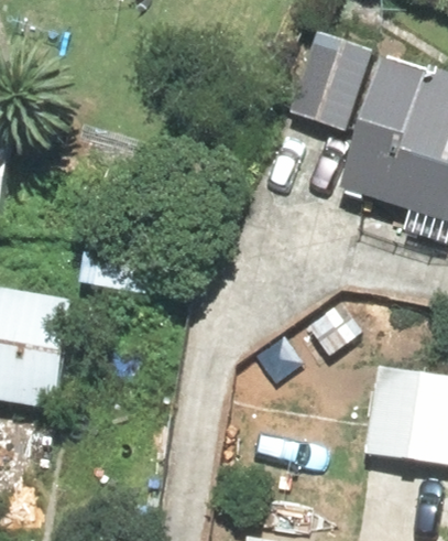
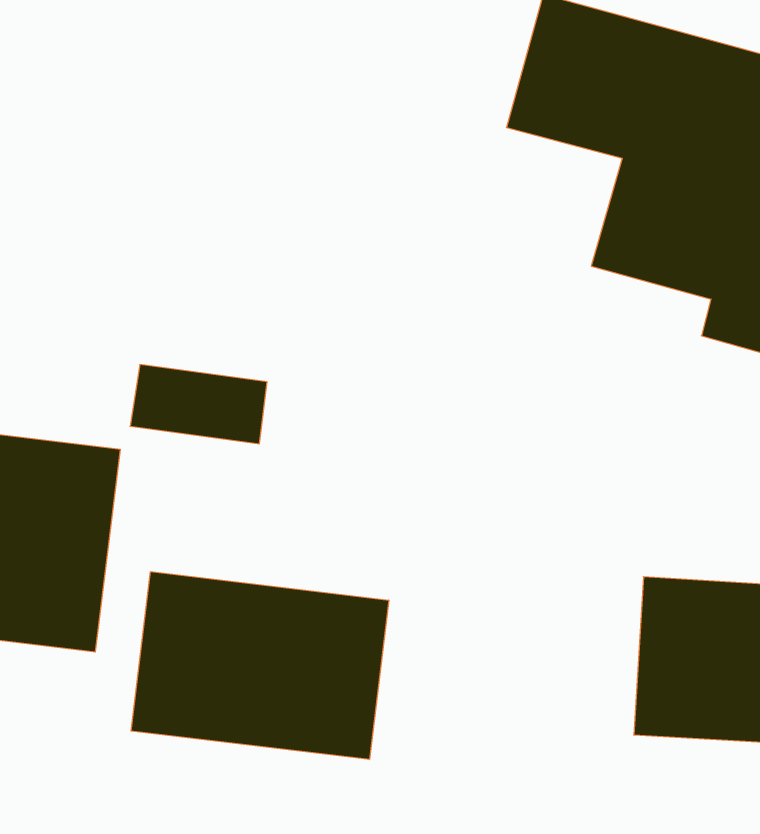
building: none -> [131,572,389,760]

